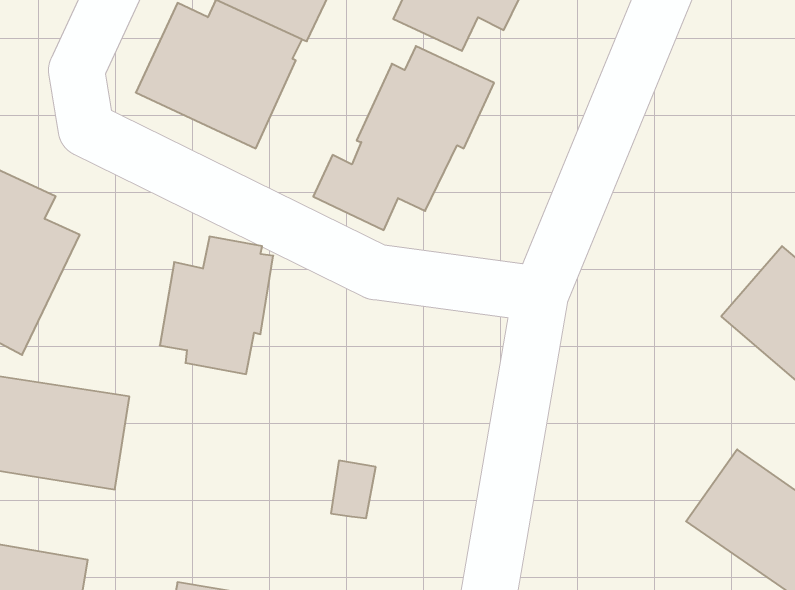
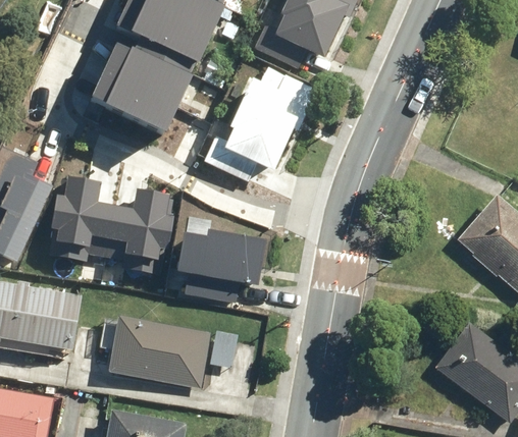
building: none -> [46,177,112,263]
building: none -> [175,230,264,304]
building: none -> [101,315,211,390]

